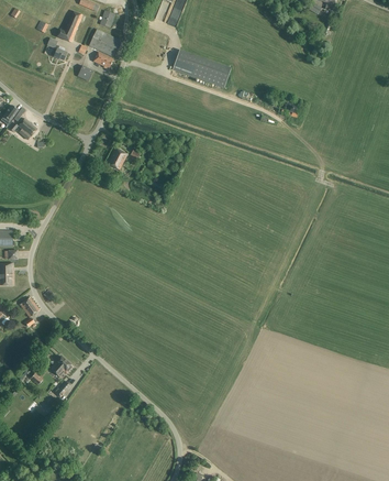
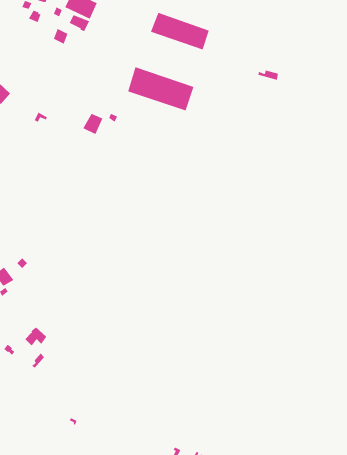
building: none -> [127,66,195,112]

